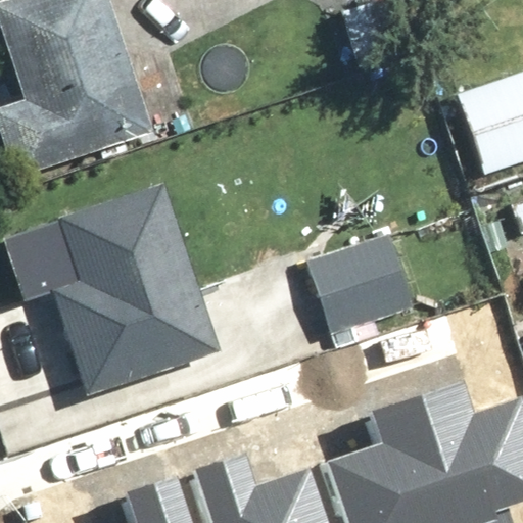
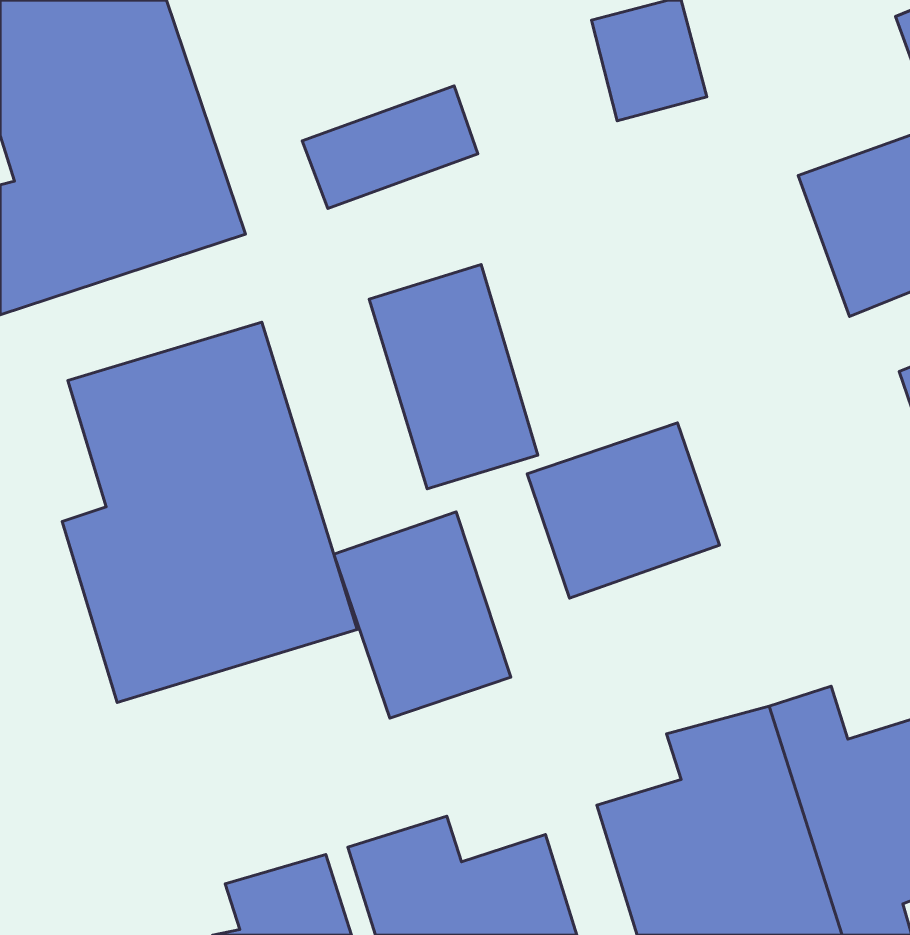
building: none -> [369,265,538,489]
building: none -> [334,512,511,718]

